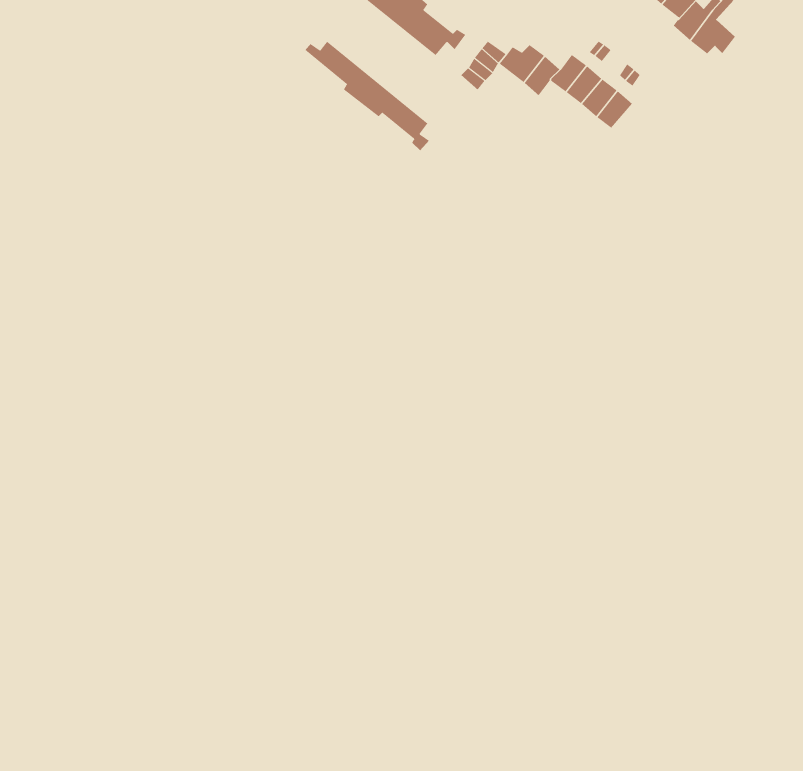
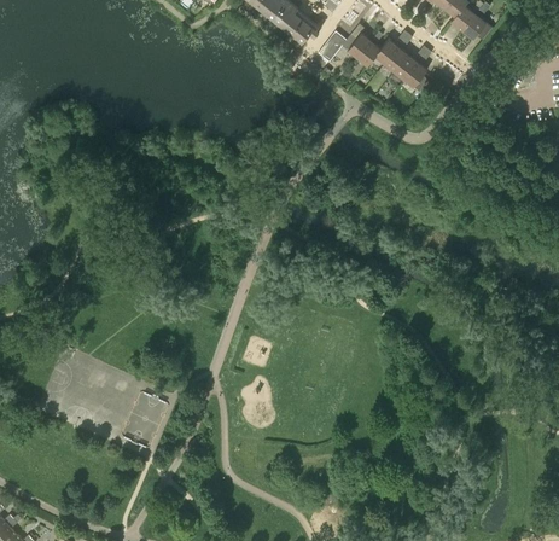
building: [304,41,430,151] -> none

